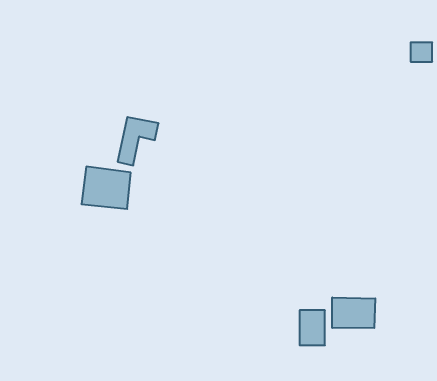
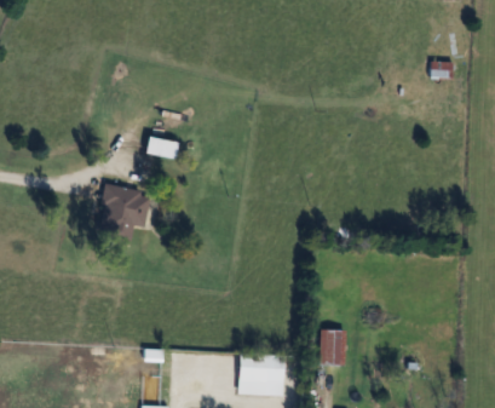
building: [332,297,375,328] -> none
building: none -> [237,354,283,393]

